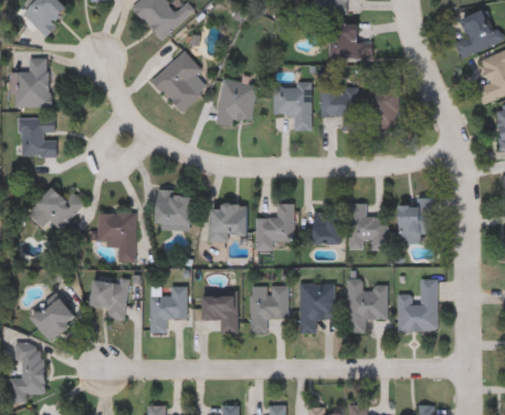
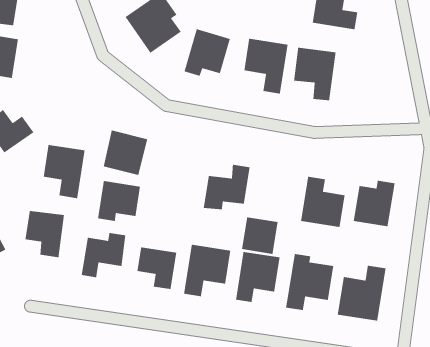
building: [368,79,398,126] -> none
building: [210,204,246,241] -> [97,180,141,222]
building: [309,211,340,243] -> [241,217,278,255]

